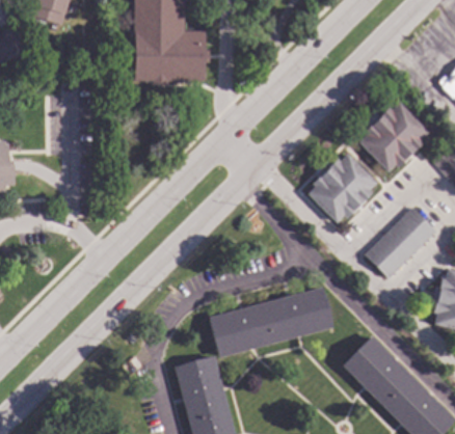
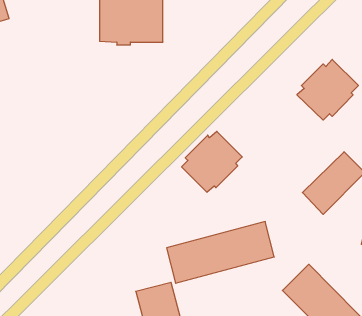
building: [309,153,378,222] -> [182,131,242,192]

